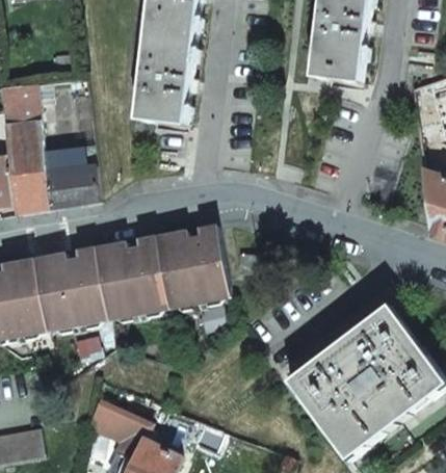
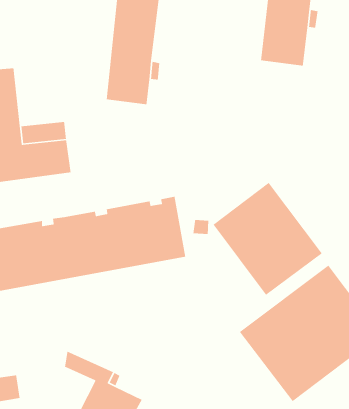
building: none -> [213,182,323,296]

